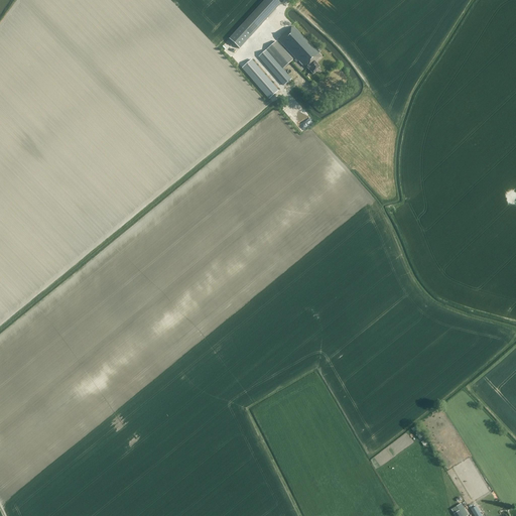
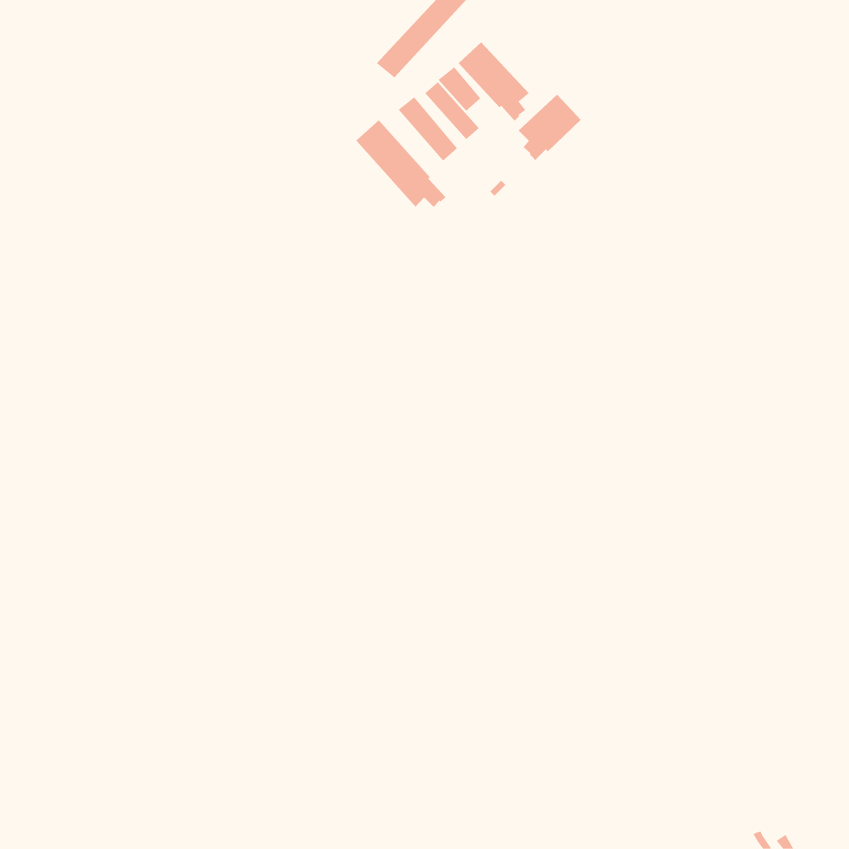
building: none -> [518,94,582,161]
building: none -> [355,119,446,208]

